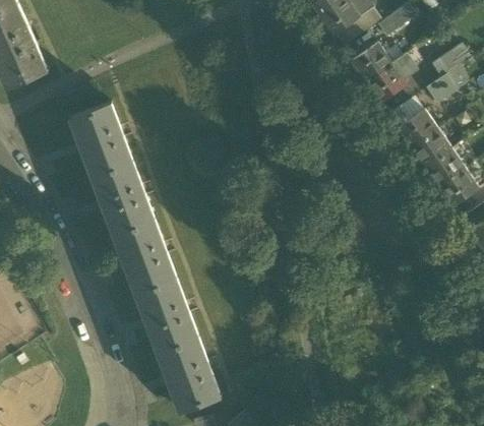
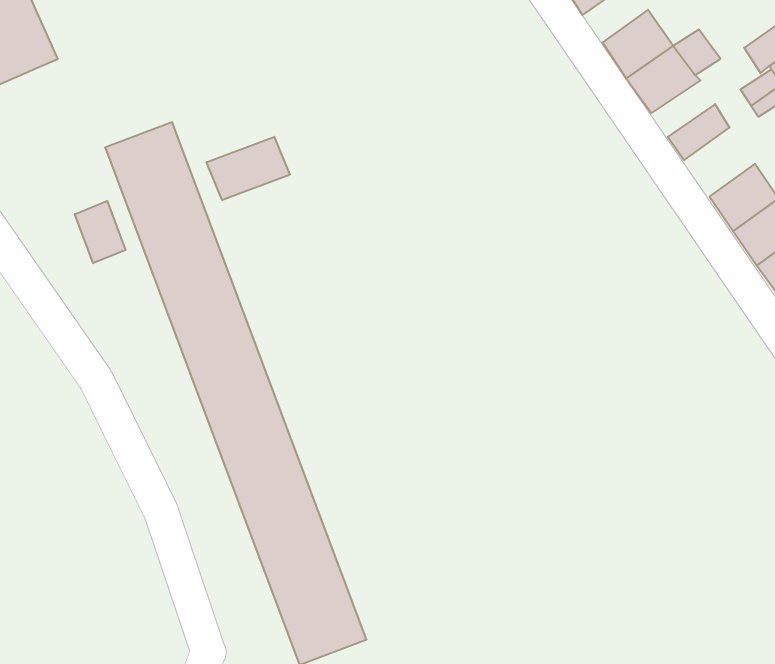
building: [397,110,436,148] -> none
building: none -> [207,137,290,200]
building: none -> [75,201,126,263]

